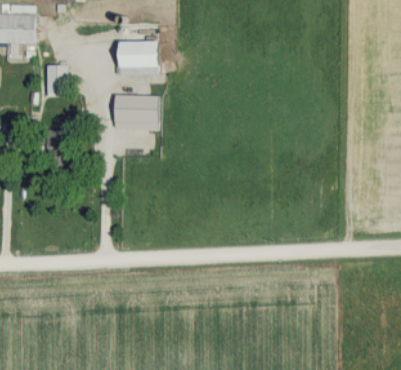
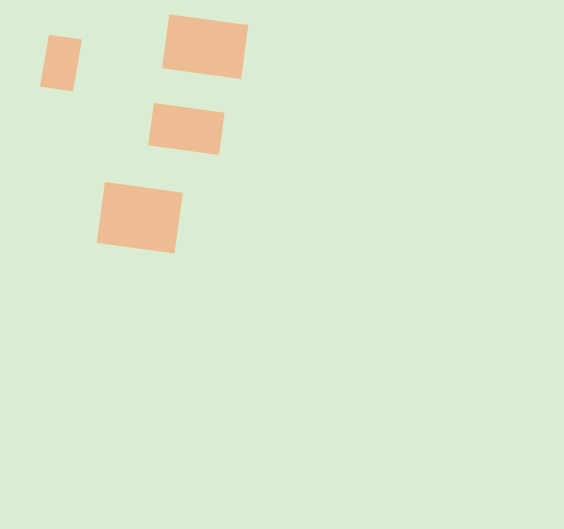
building: none -> [96,181,183,254]

